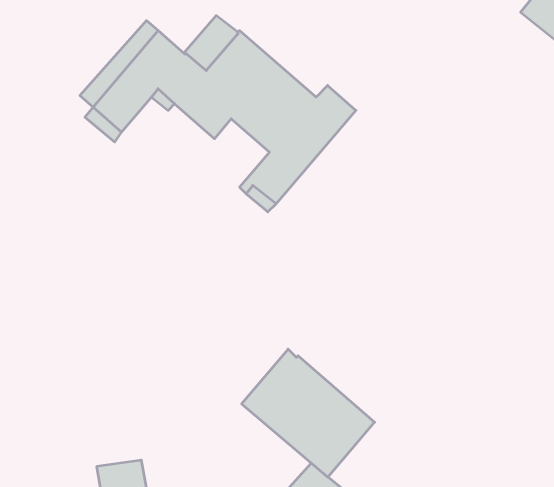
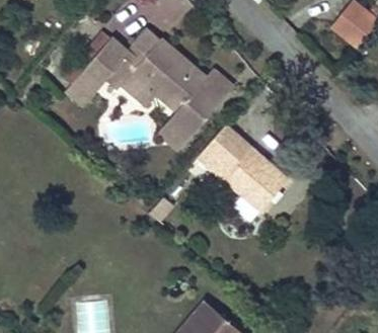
building: [242,349,375,477] -> [208,134,289,212]

